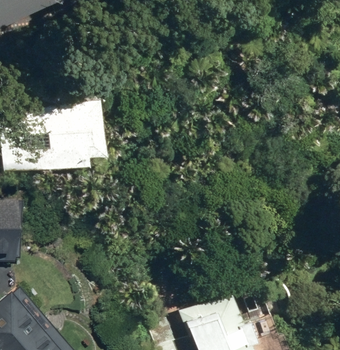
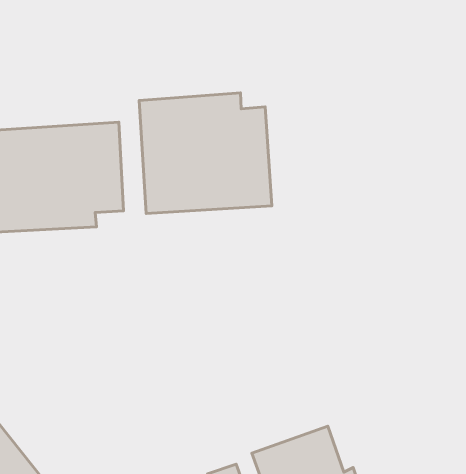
building: none -> [139,93,272,213]

